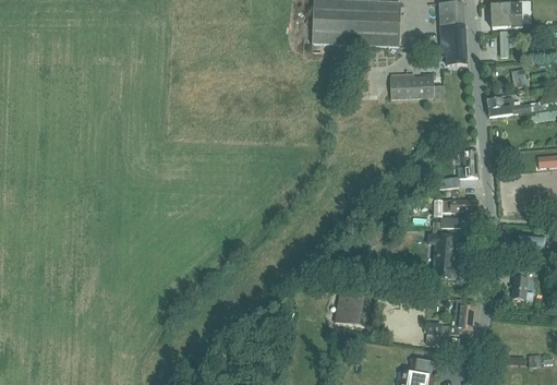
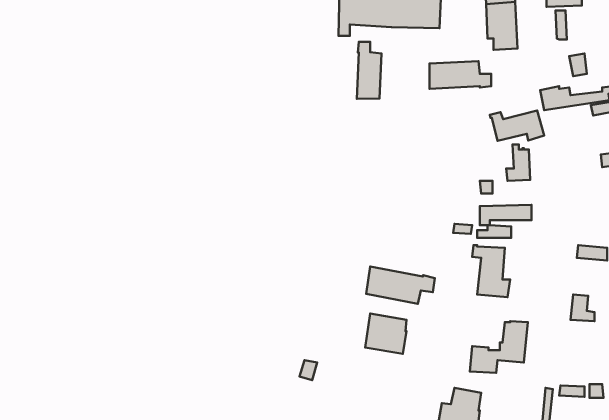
building: none -> [357,42,381,99]
building: none -> [490,110,544,141]
building: none -> [366,266,435,304]

